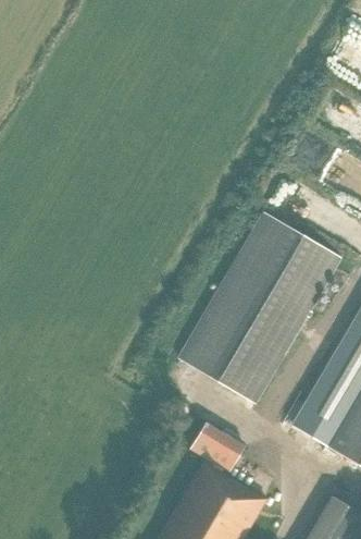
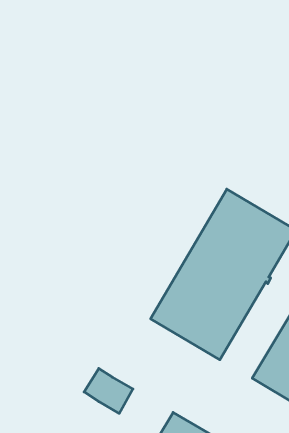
building: [190,422,245,473] -> [84,368,133,413]

